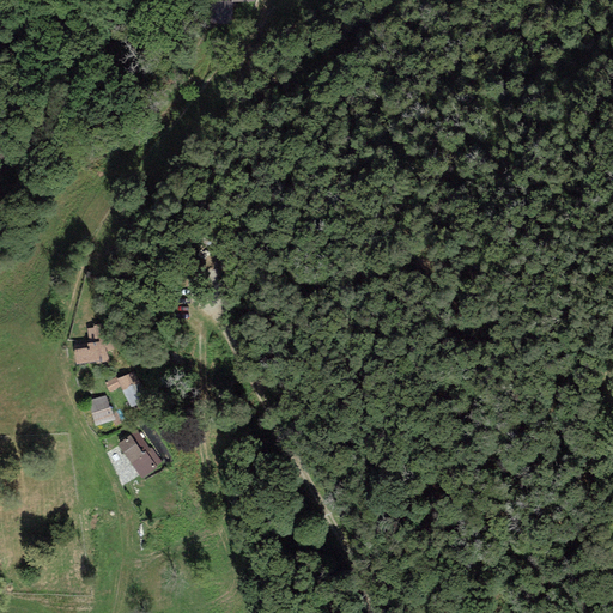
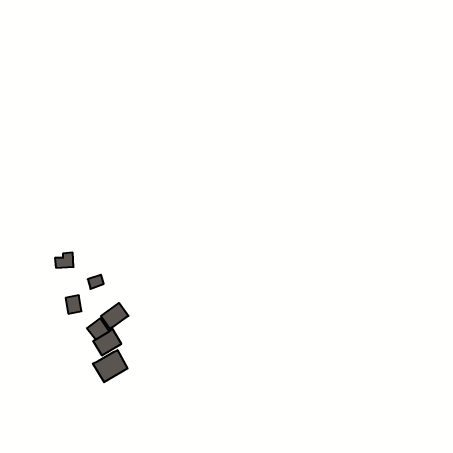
building: none -> [101,303,129,329]
building: none -> [93,350,128,382]

